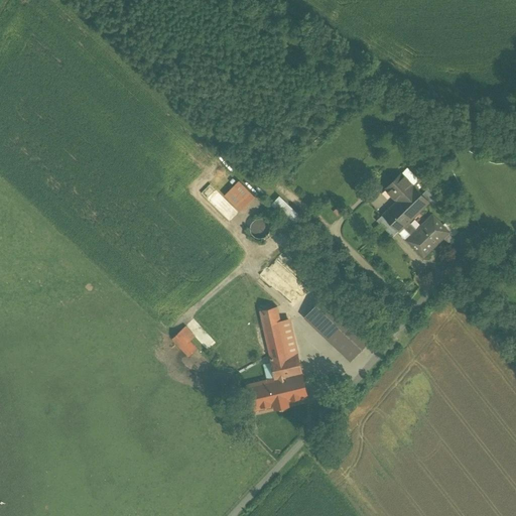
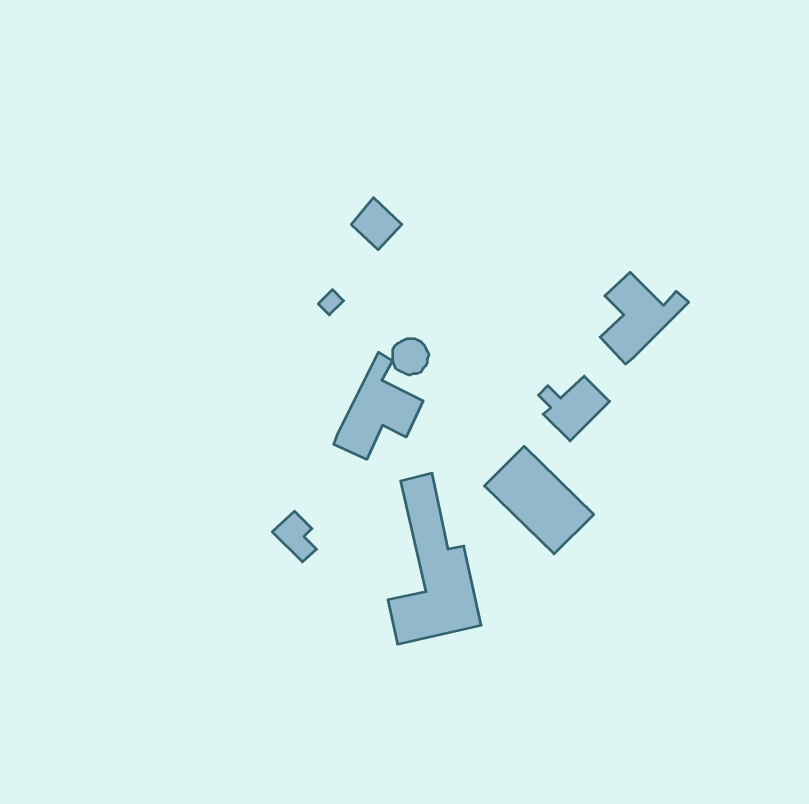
building: [228,182,260,216] -> [351,198,402,250]
building: [403,219,448,260] -> [538,376,610,441]
building: none -> [334,352,423,459]

